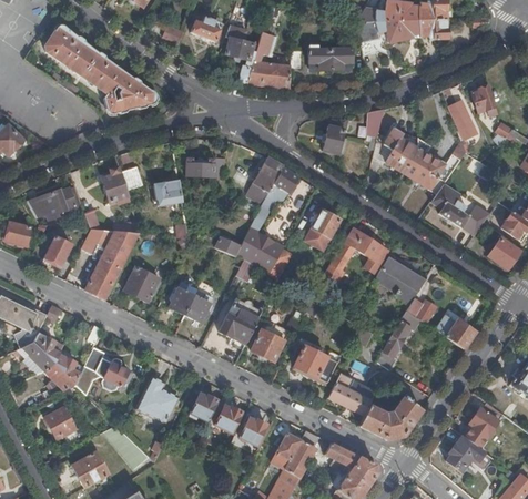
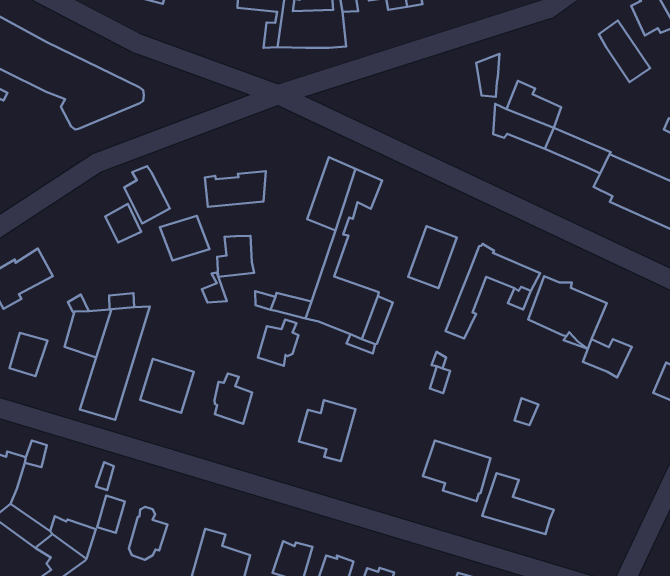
building: [323,120,347,153] -> none
building: [412,138,460,182] -> none
building: [102,166,129,202] -> [124,166,170,223]
building: none -> [217,236,254,277]
building: [186,294,214,323] -> [258,320,298,366]
building: [377,310,420,368] -> none
building: [252,328,285,361] -> none
building: [32,333,63,363] -> none
building: [361,397,423,439] -> none

